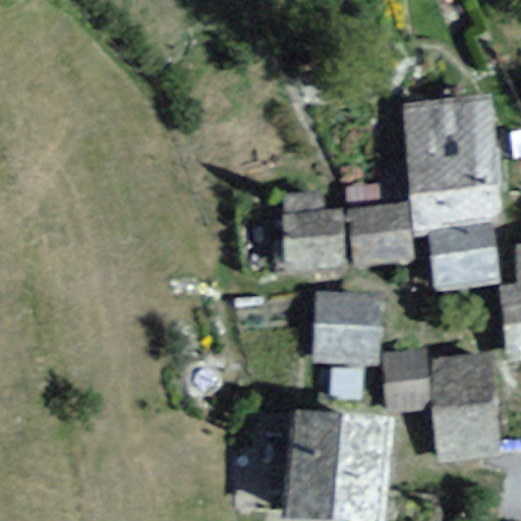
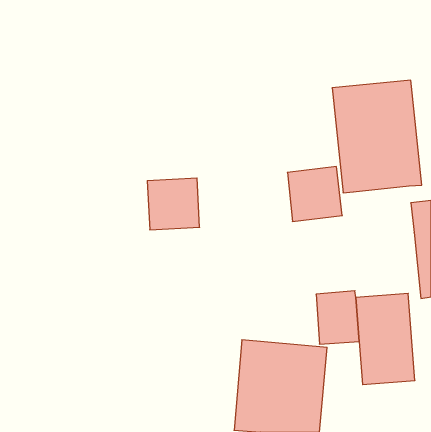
building: [282,209,345,271] -> [147,178,200,230]
building: [425,224,499,287] -> none
building: [309,290,381,366] -> none

